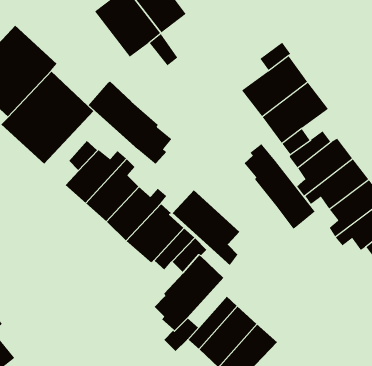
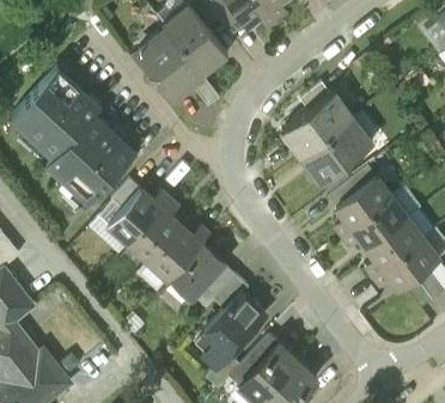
building: [88,81,172,165] -> none
building: [244,143,315,229] -> none
building: [172,190,240,266] -> none

